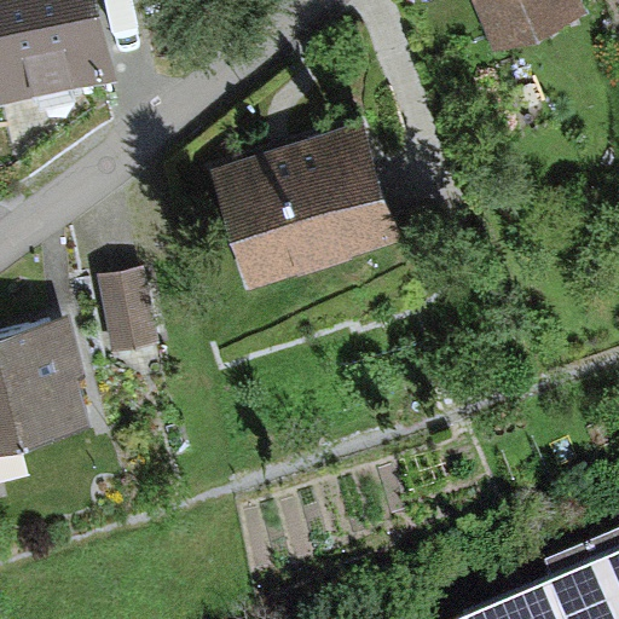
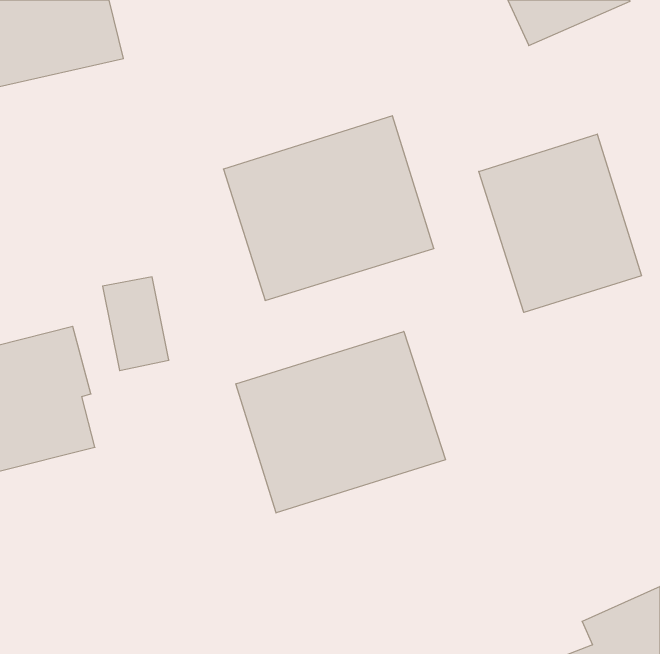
building: none -> [479,134,641,312]
building: none -> [236,331,445,513]

